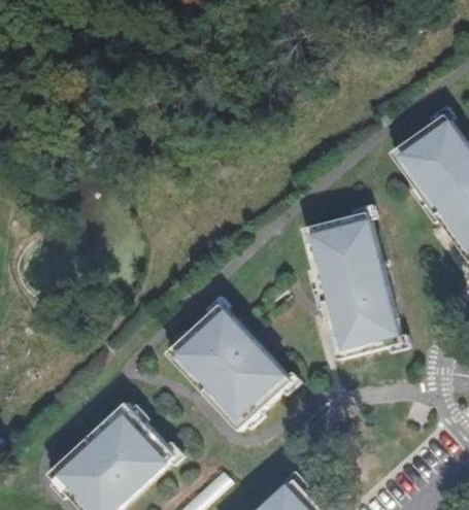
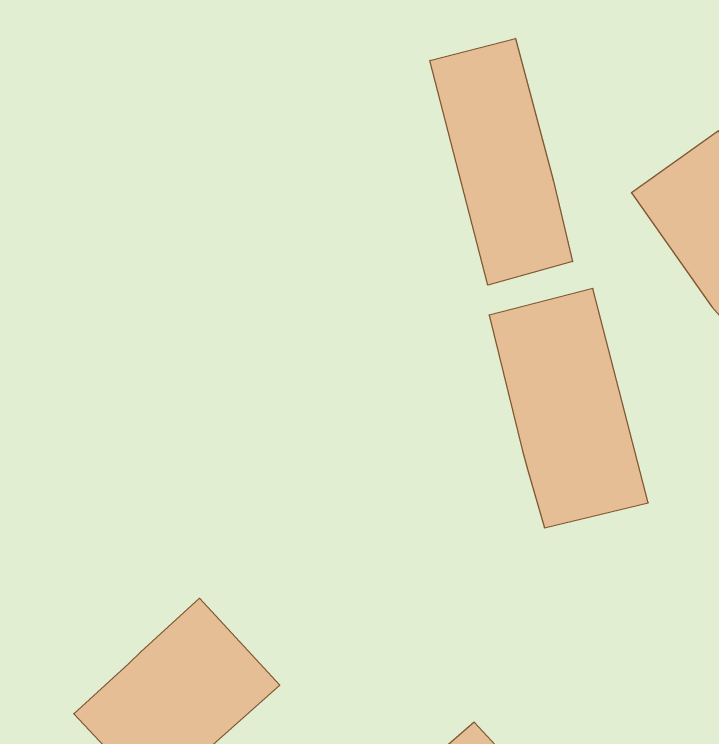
building: none -> [430,38,573,285]
building: [168,301,293,428] -> none

